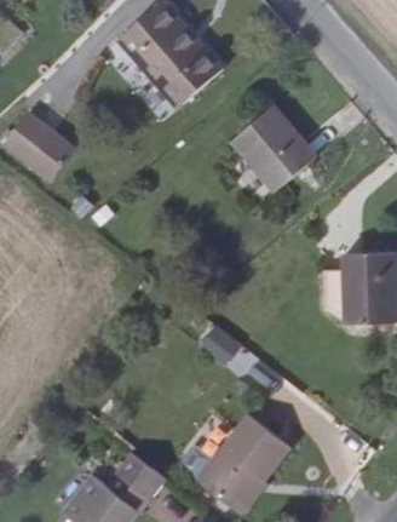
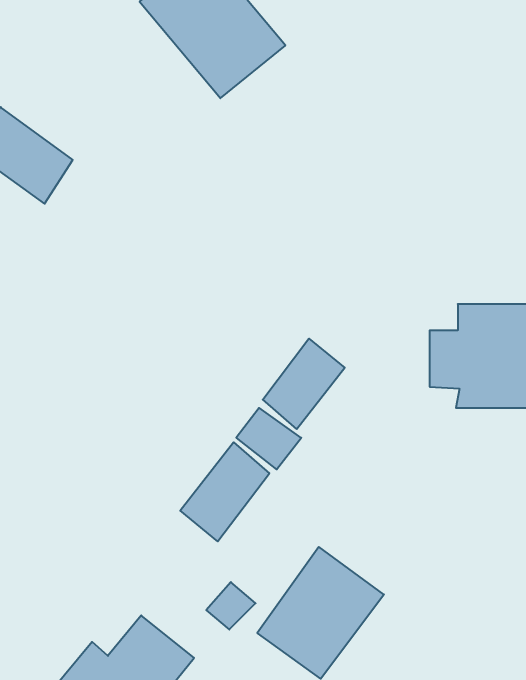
building: [232,107,310,185] -> none
building: none -> [263,339,345,429]
building: none -> [180,442,269,541]

